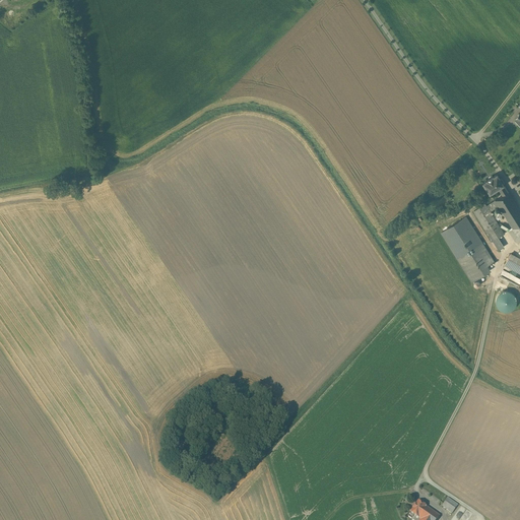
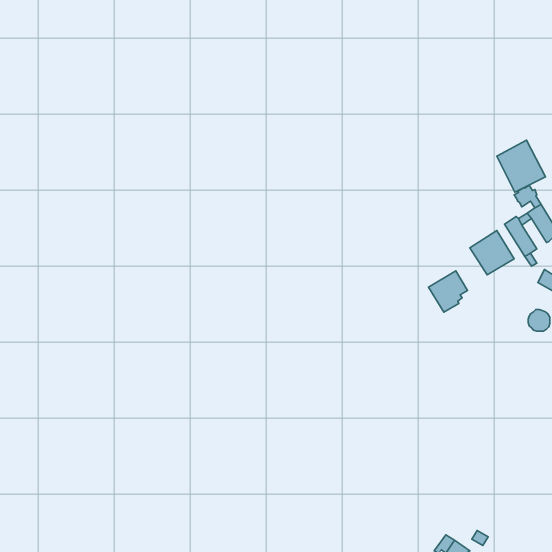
building: none -> [497,140,546,192]
building: [458,244,495,282] -> [429,271,468,312]

